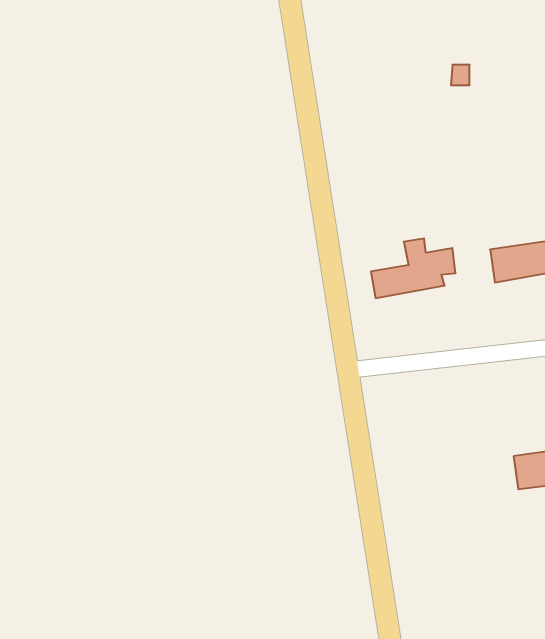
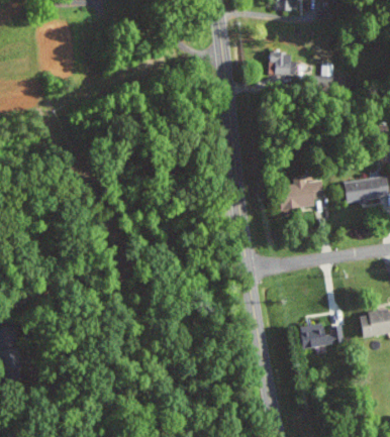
building: none -> [270,52,298,78]
building: none -> [300,324,344,348]

